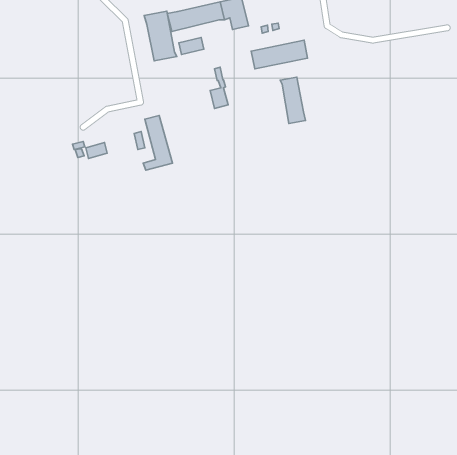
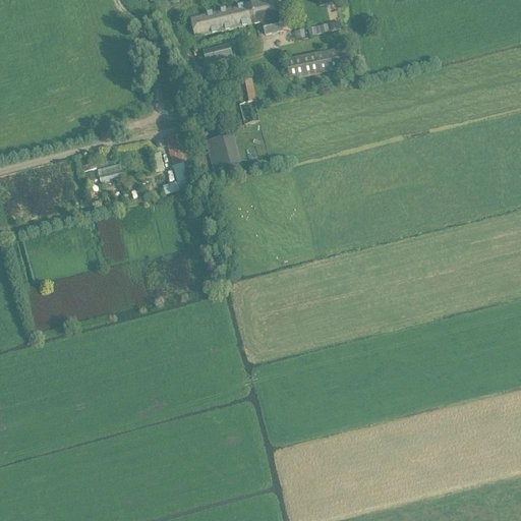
building: [144,11,177,61] -> none
building: [280,77,306,123] -> none
building: none -> [206,132,238,169]

